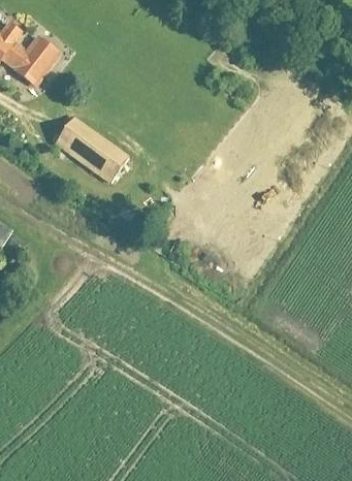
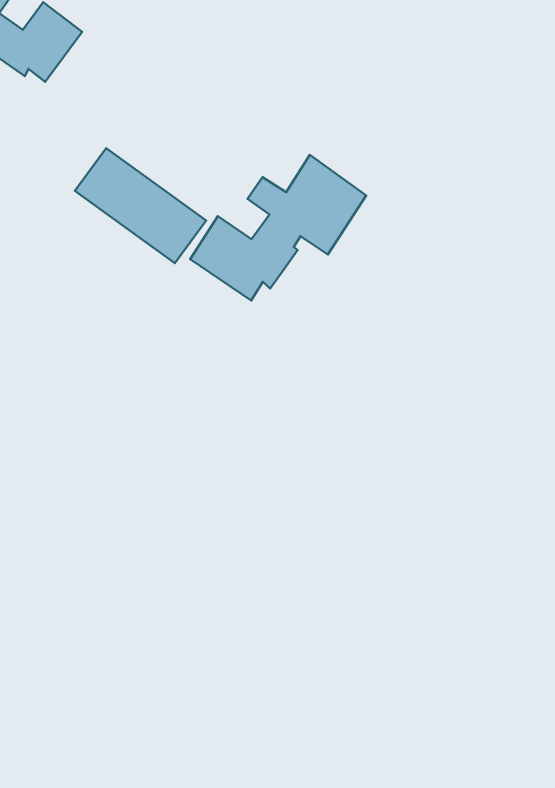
building: none -> [190,155,366,301]

